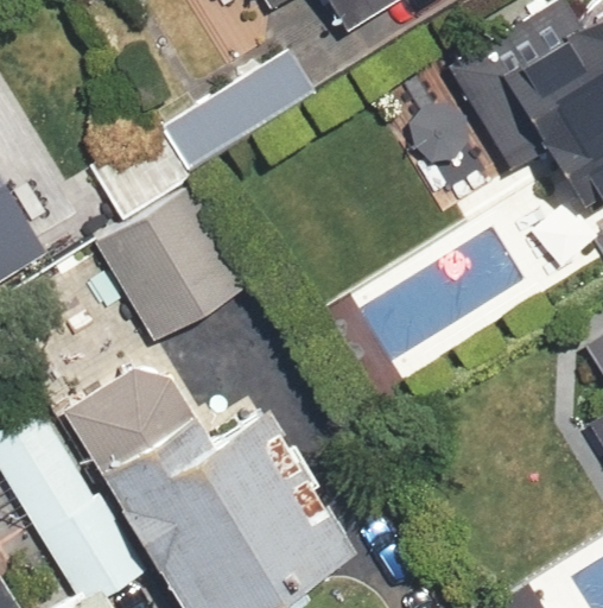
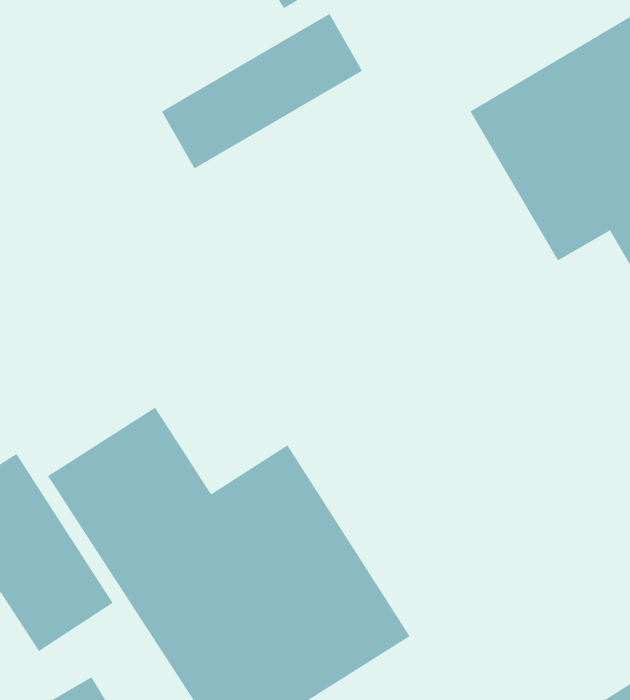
building: [94,185,246,348] -> none

